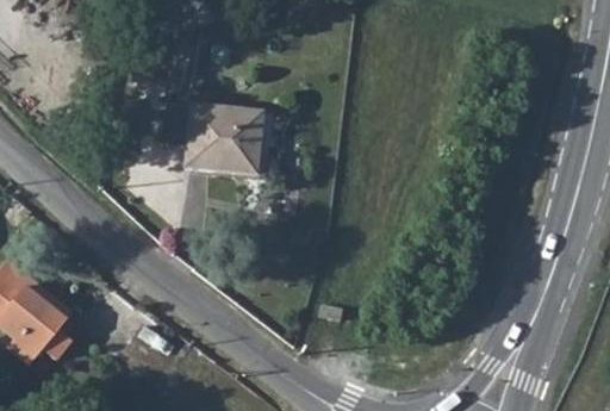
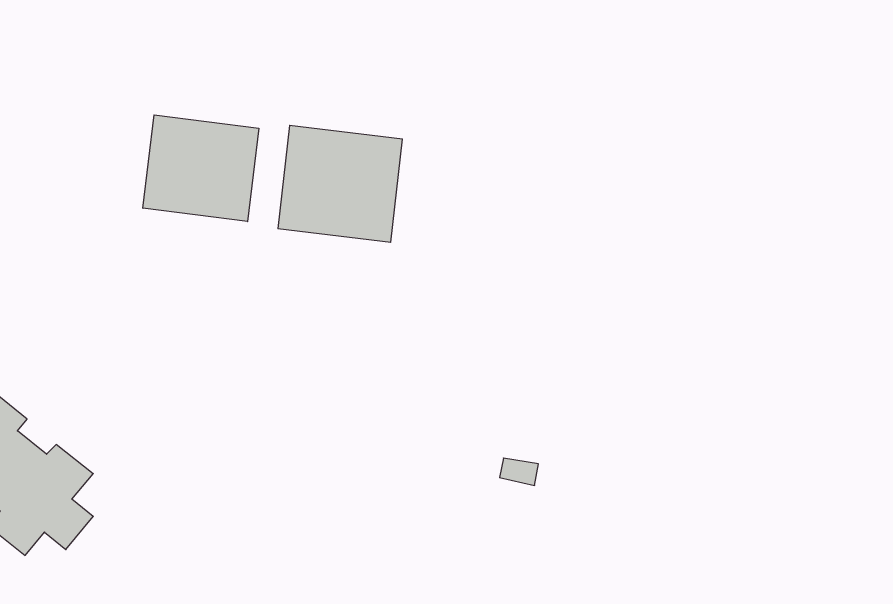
building: none -> [143,115,259,222]

